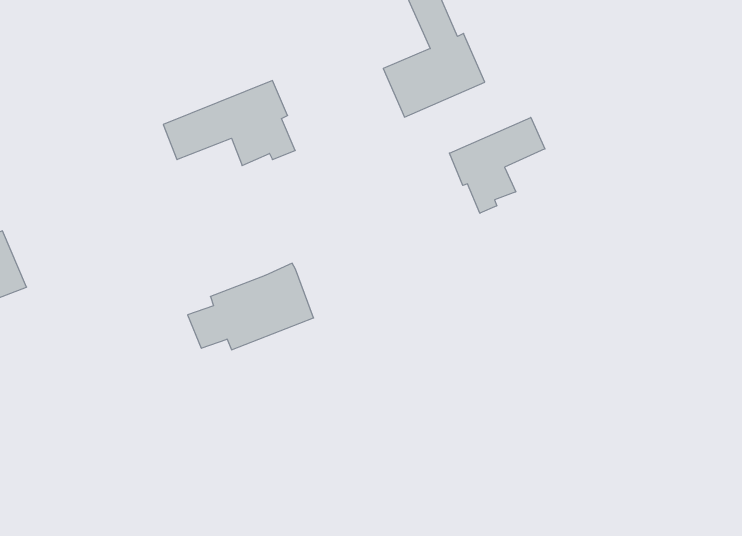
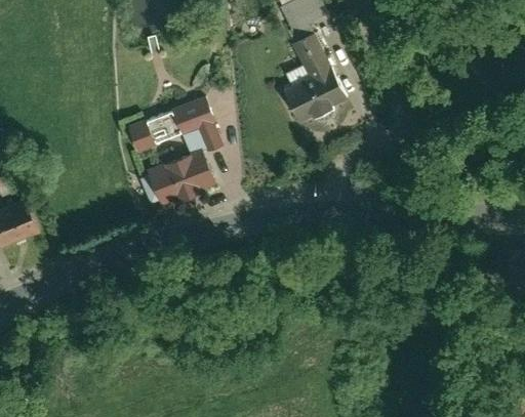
building: [449,117,545,213] -> none
building: [188,263,314,350] -> [131,147,216,205]

